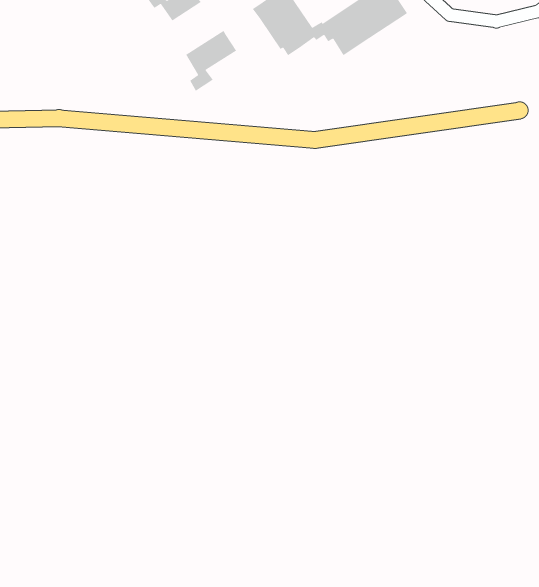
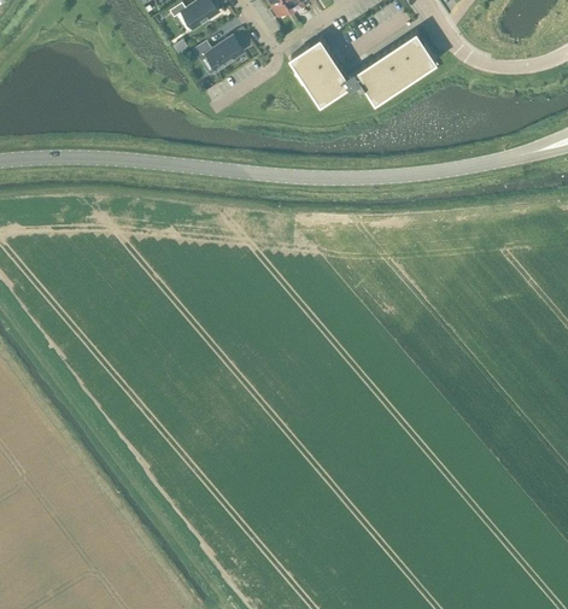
building: [185,30,237,92] -> none

